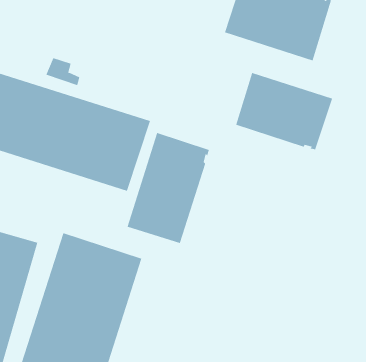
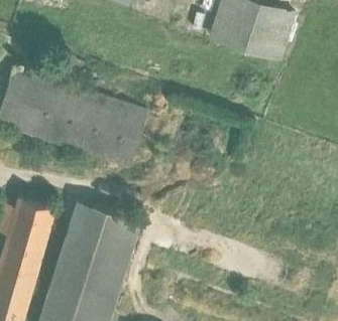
building: [236,72,333,150] -> none
building: [127,132,209,244] -> none

